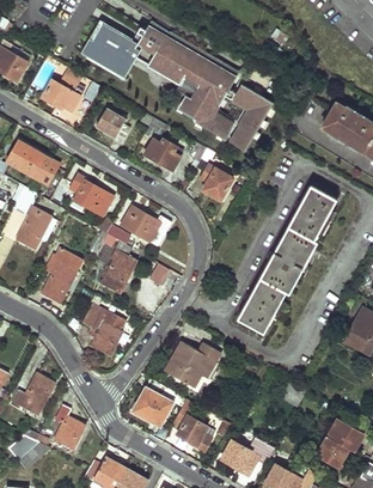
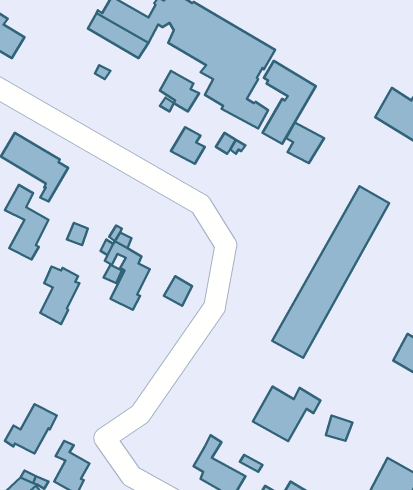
building: [43,74,84,110] -> none
building: [97,108,130,142] -> [160,71,199,112]
building: [201,164,233,199] -> [286,123,324,163]
building: [69,176,112,216] -> none
building: [121,206,171,245] -> none
building: [80,303,124,355] -> none
building: [163,341,220,388] -> [253,386,320,441]
building: [132,379,185,423] -> none

